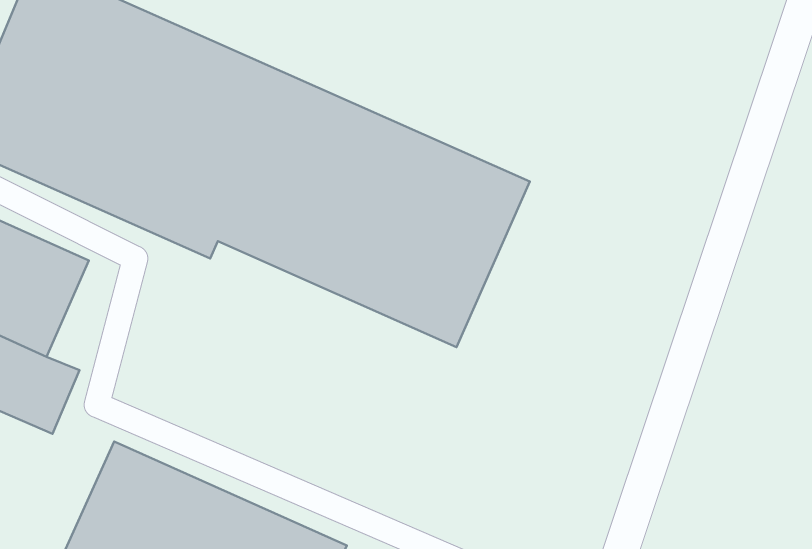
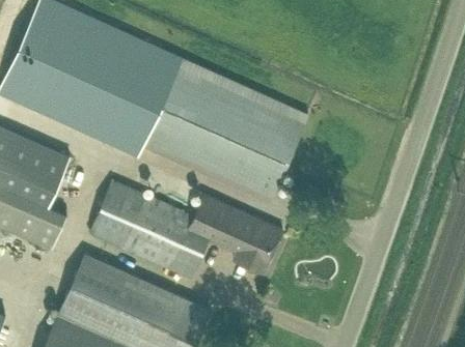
building: none -> [90,181,283,279]

